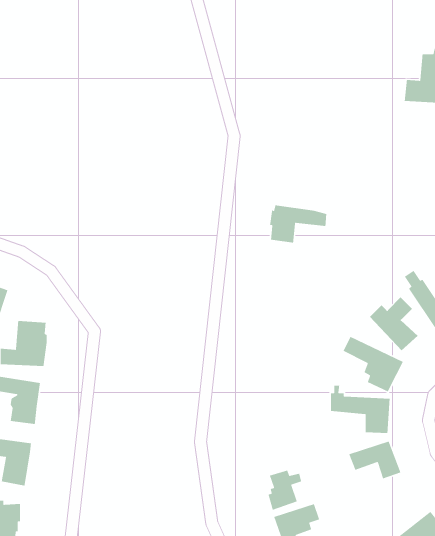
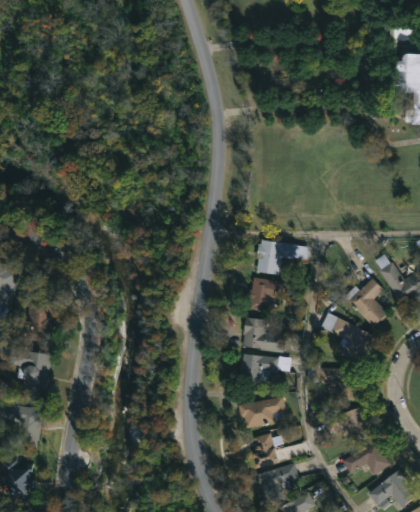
building: [269,205,327,244] -> [256,239,308,274]
building: none -> [248,278,292,312]
building: none -> [242,316,286,352]
building: none -> [240,354,291,386]
building: none -> [238,396,287,429]
building: none -> [342,439,390,475]

